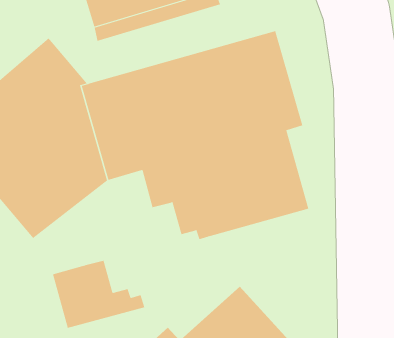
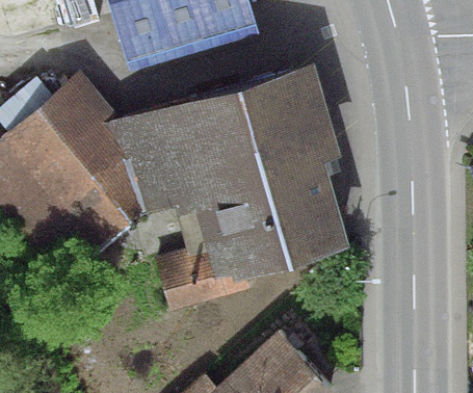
building: [52,260,145,328] -> [153,242,249,313]

